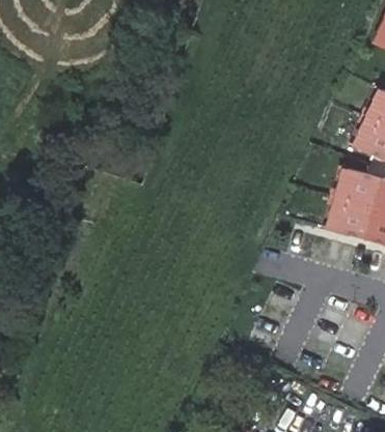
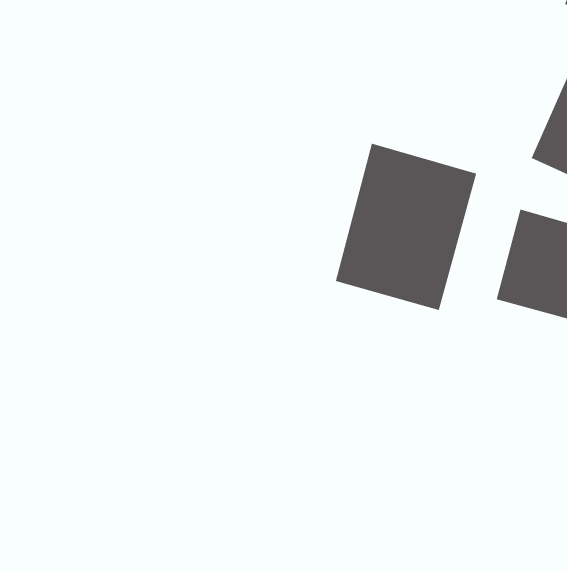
building: none -> [335,143,477,311]

